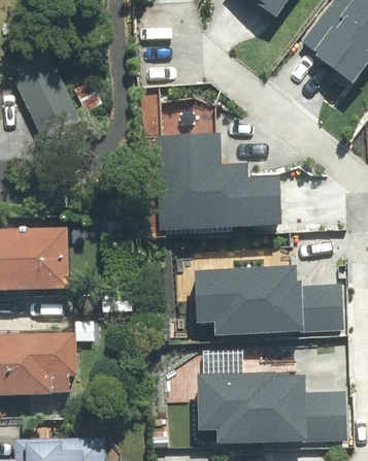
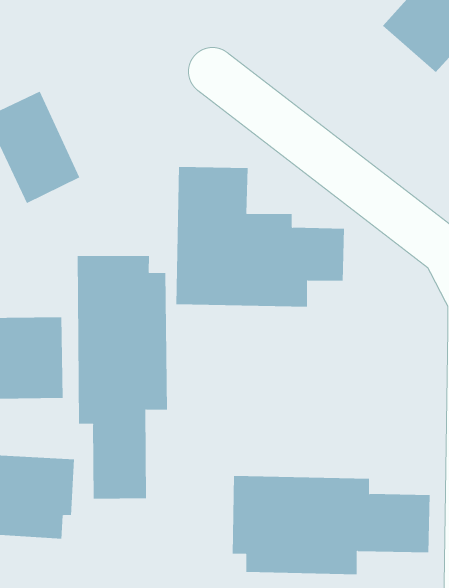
building: none -> [77,255,167,499]
building: [197,258,342,323] -> none

